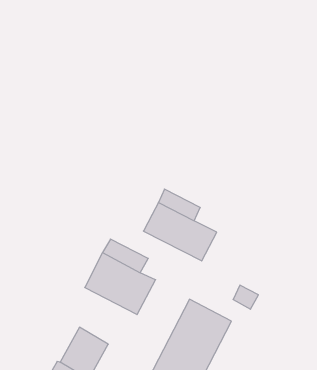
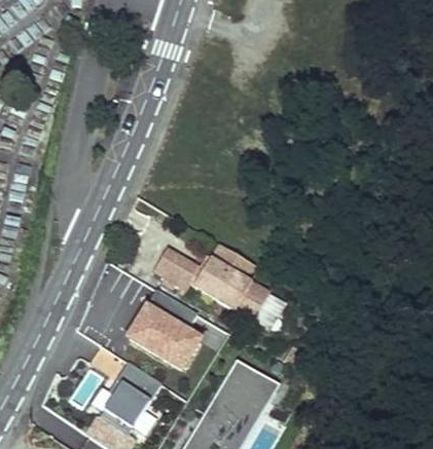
building: none -> [153,247,205,290]
building: none -> [117,361,161,400]

